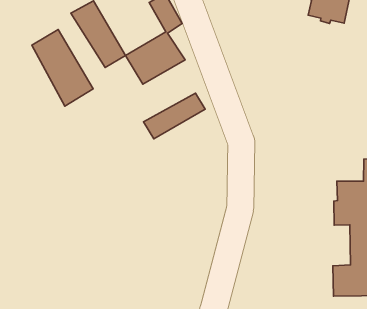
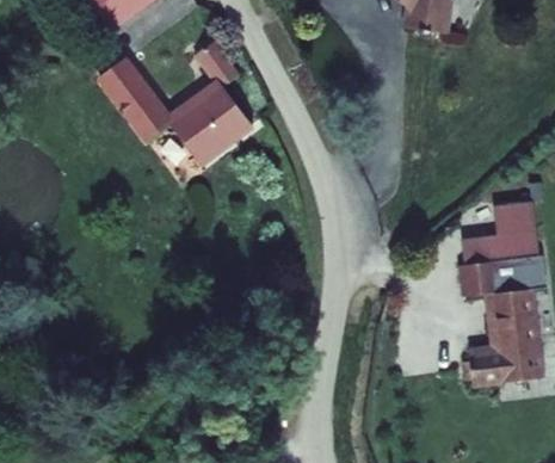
building: [32,29,93,106] -> none
building: [143,93,205,139] -> none

